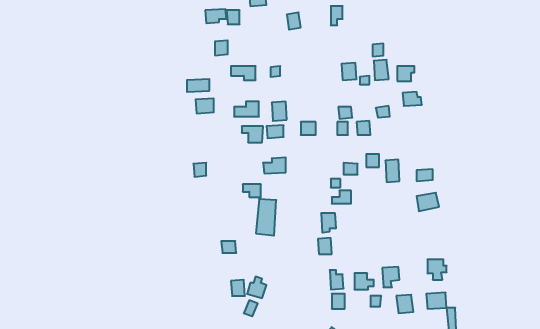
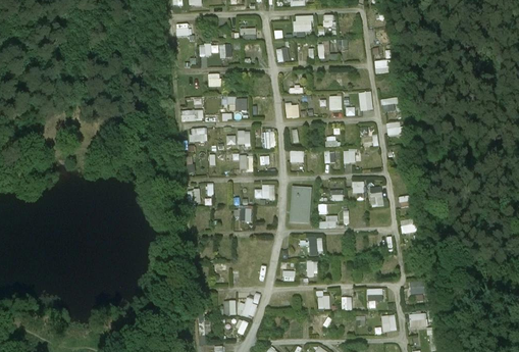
building: [256,199,276,236] -> [290,189,309,223]

